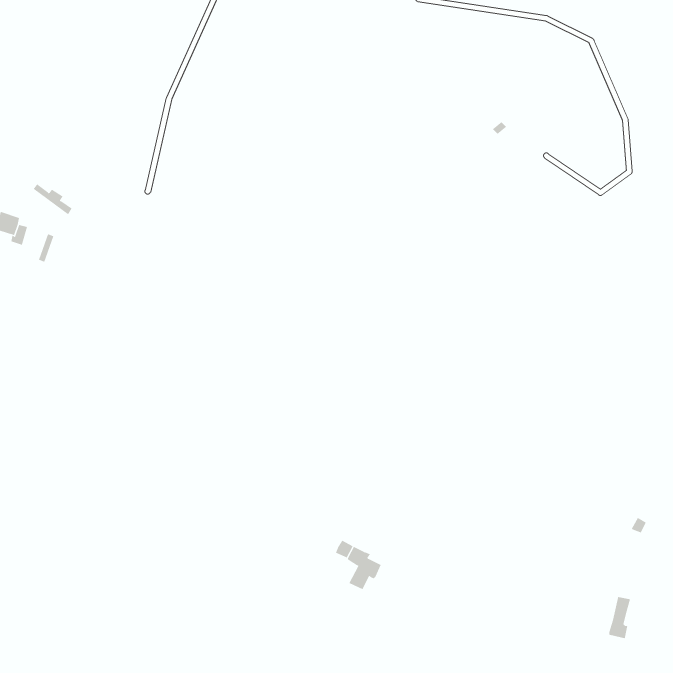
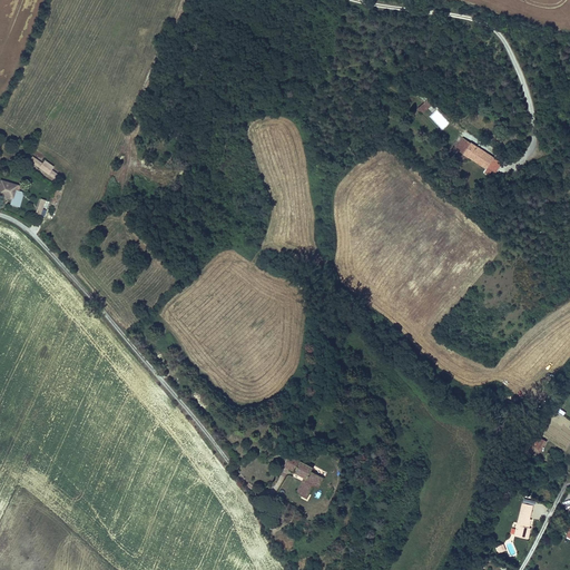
building: none -> [456,138,500,175]

